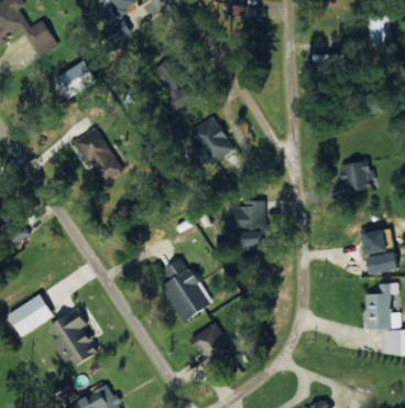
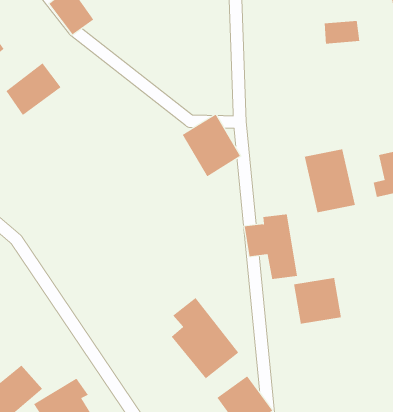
building: [155,57,191,114] -> none
building: [74,127,123,182] -> none
building: none -> [304,148,355,213]
building: none -> [293,277,342,324]

